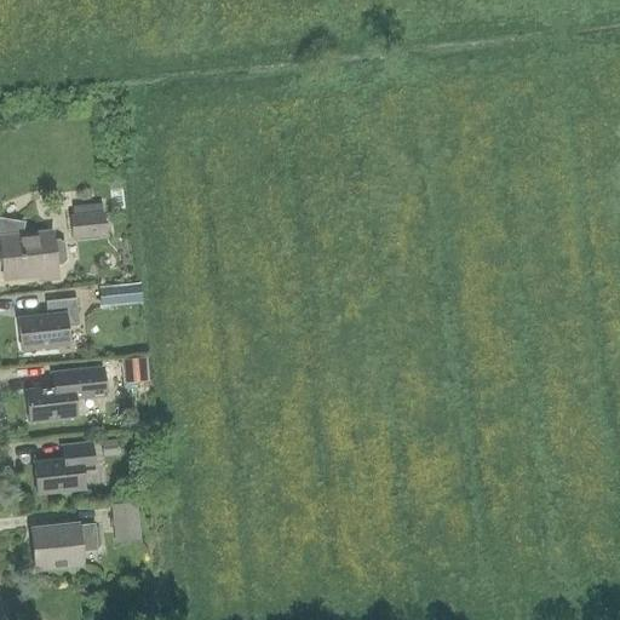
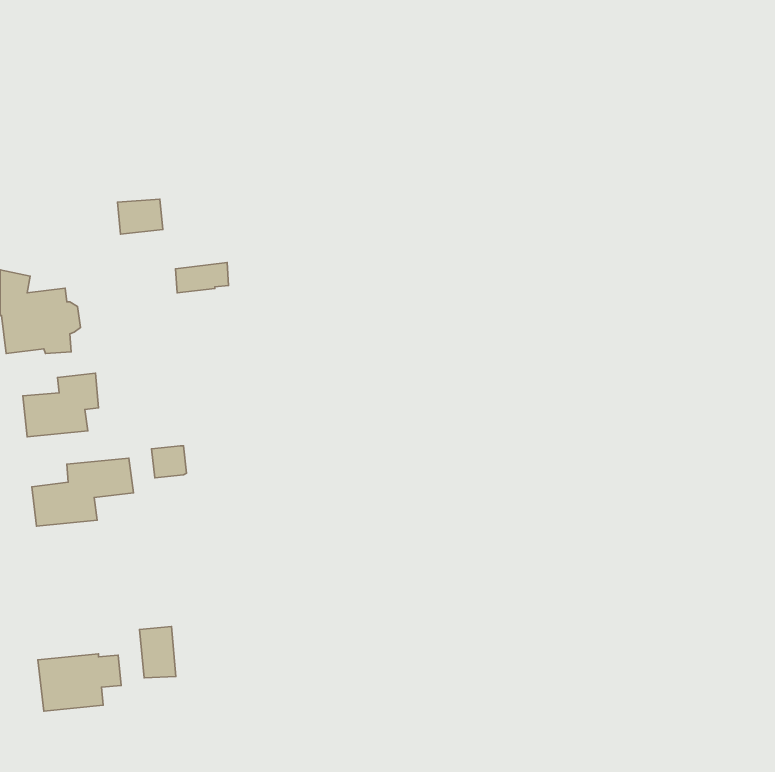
building: [70,211,107,239] -> [117,199,163,234]
building: [101,281,143,305] -> [175,263,229,293]
building: [34,441,93,493] -> none

